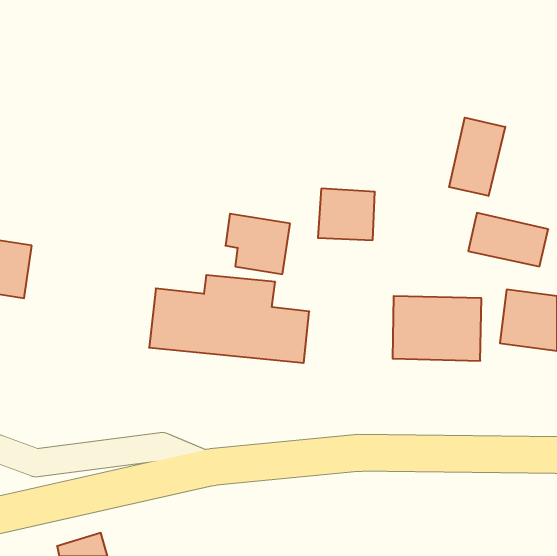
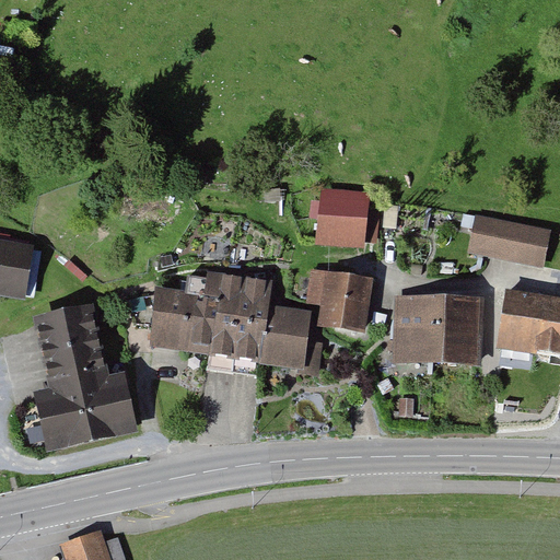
building: [449,118,505,196] -> none
building: [225,214,290,274] -> [307,268,372,328]
building: none -> [34,305,138,454]

